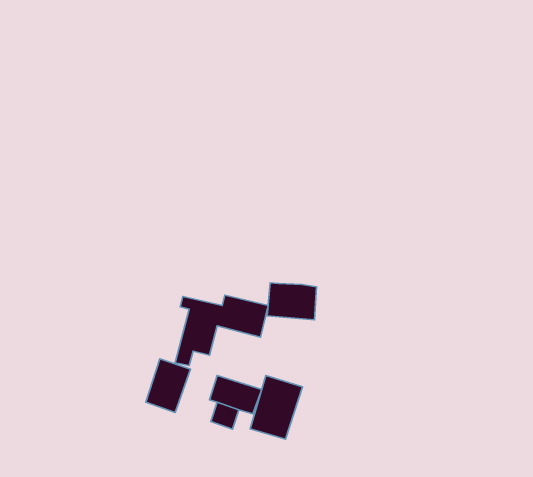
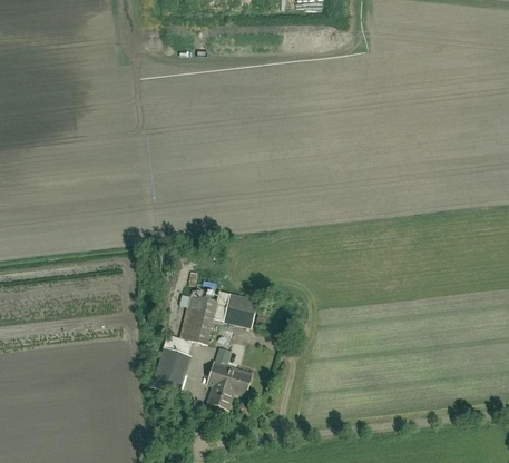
building: [267,283,316,320] -> none
building: [250,375,302,439] -> none

